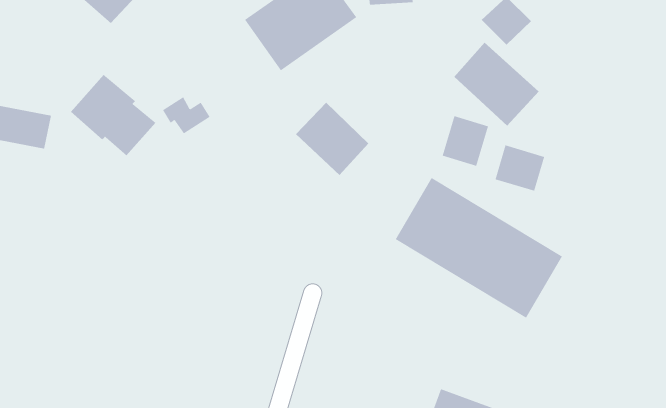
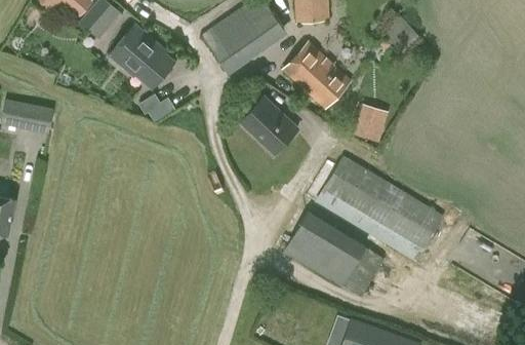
building: [453,42,539,127] -> [284,43,350,108]
building: [70,74,156,156] -> [110,26,175,88]
building: [495,145,545,192] -> none
building: none -> [283,210,386,298]

